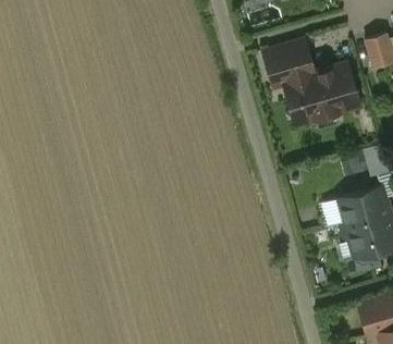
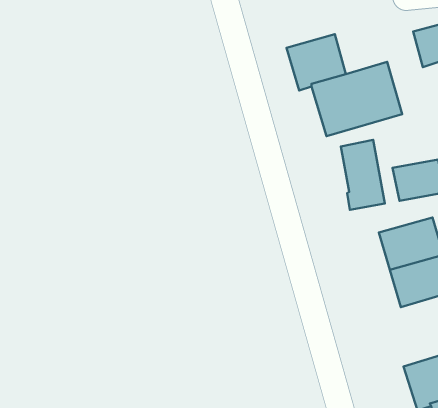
building: none -> [341,140,385,210]

